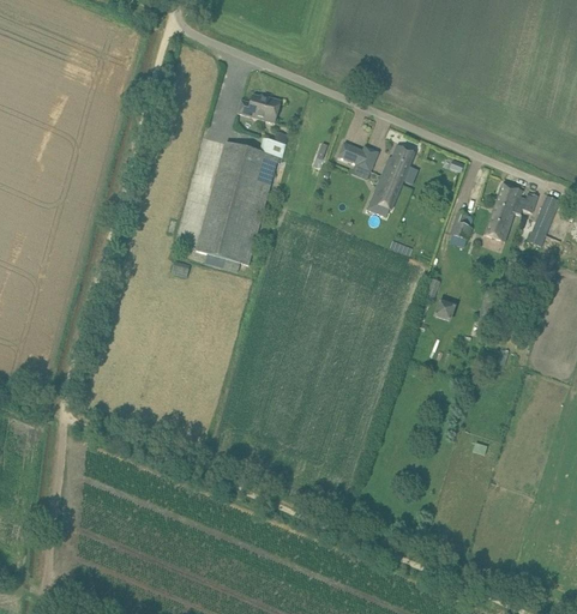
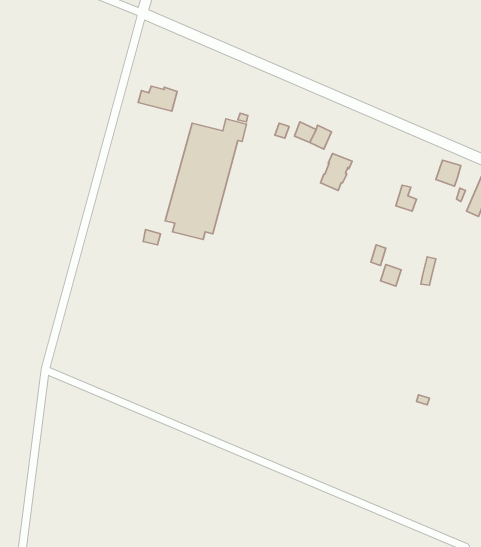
building: [239,94,282,121] -> [138,86,177,111]
building: [381,144,416,183] -> none
building: [486,204,516,240] -> none

